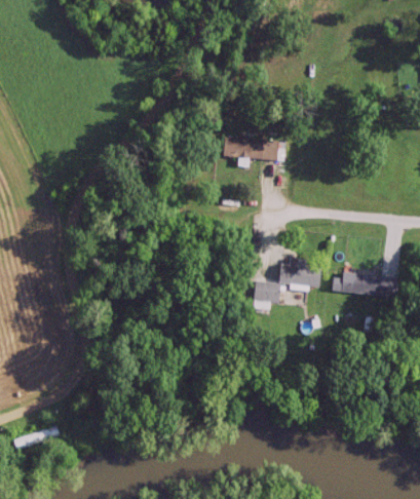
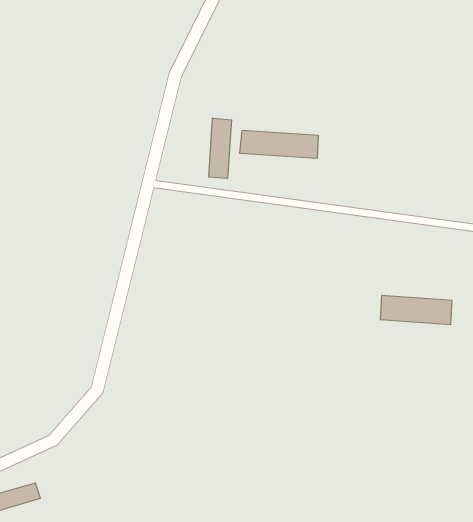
building: none -> [209,118,231,179]
building: [253,259,322,302] -> none

